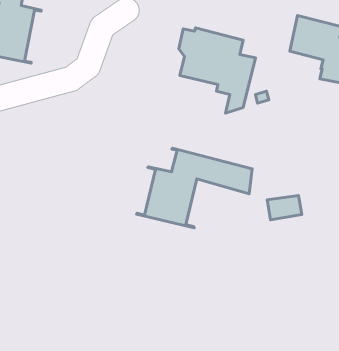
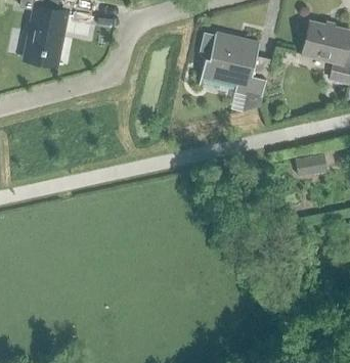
building: [137,148,252,228] -> none
building: [267,196,302,220] -> [296,155,327,178]

